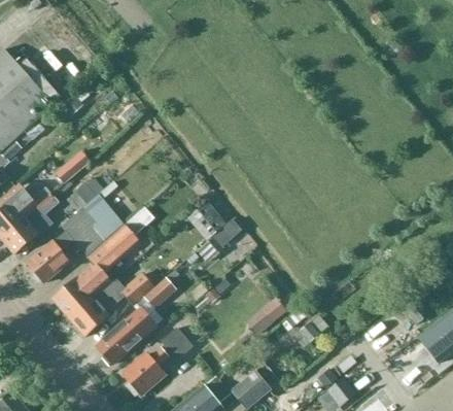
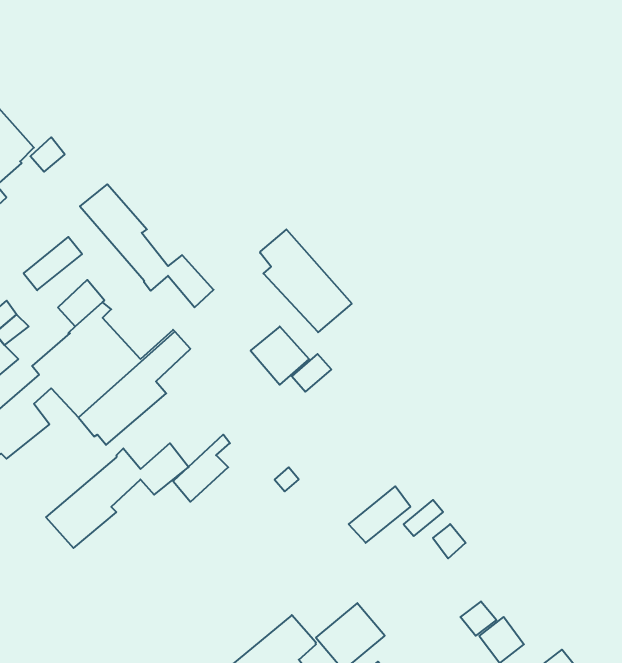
building: none -> [80,184,214,307]
building: none -> [260,229,352,332]
building: [53,268,110,317] -> none
building: [96,305,158,364] -> none
building: [120,326,193,396] -> none

